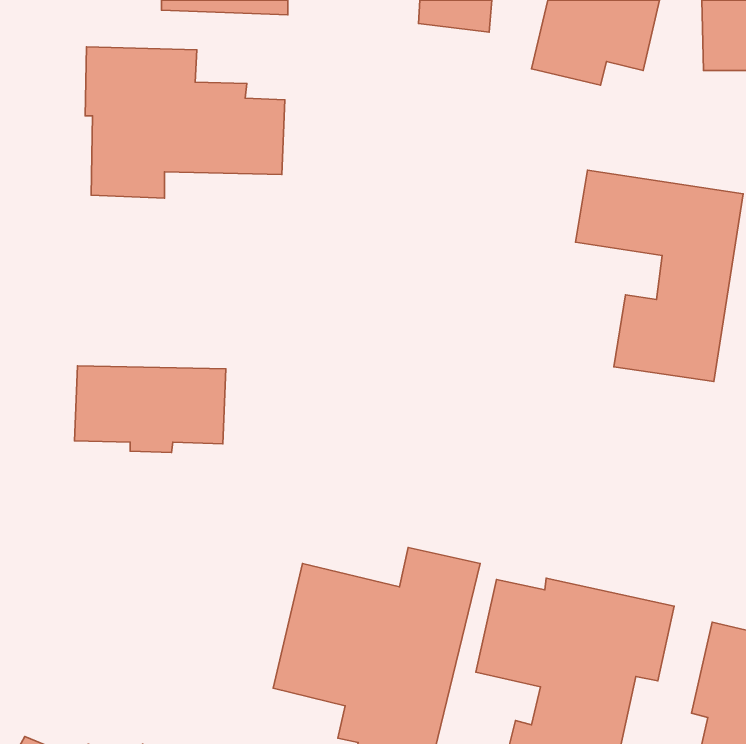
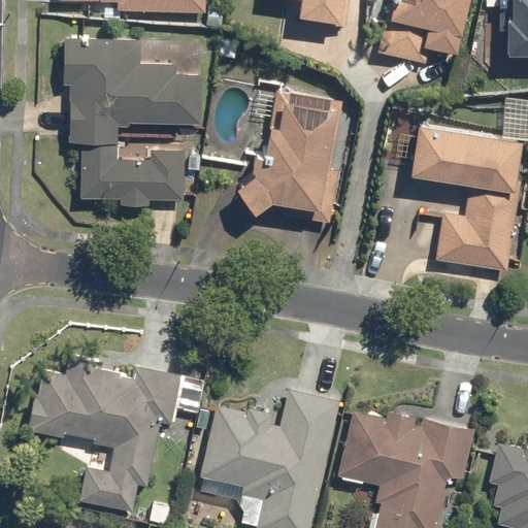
building: none -> [232,90,342,224]
building: [75,366,226,452] -> [79,146,186,207]
building: none -> [25,355,184,513]

